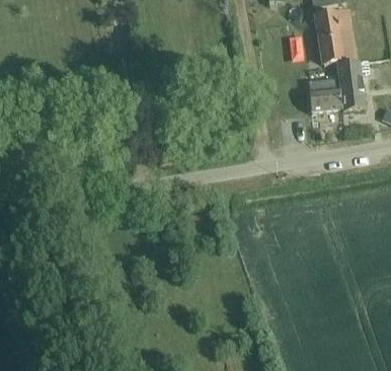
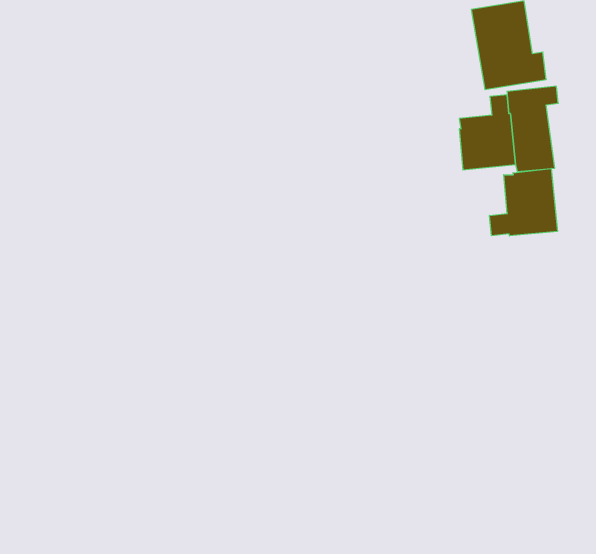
building: none -> [490,168,557,236]

